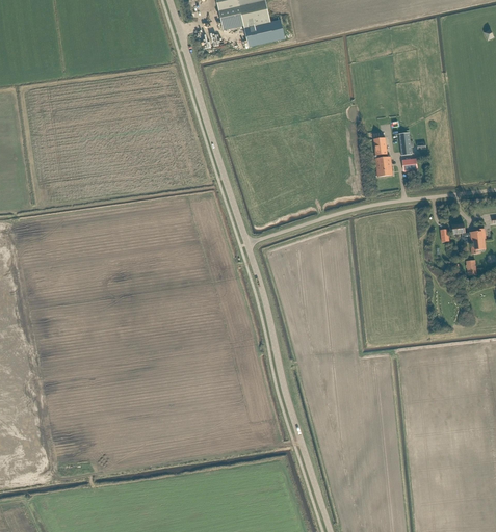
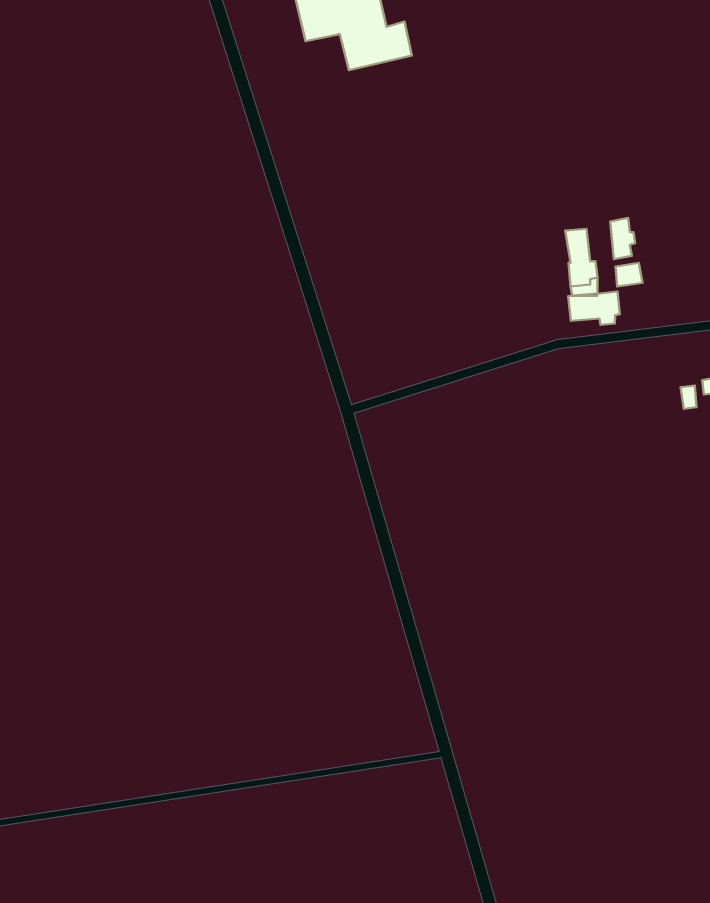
building: none -> [568,291,620,325]

